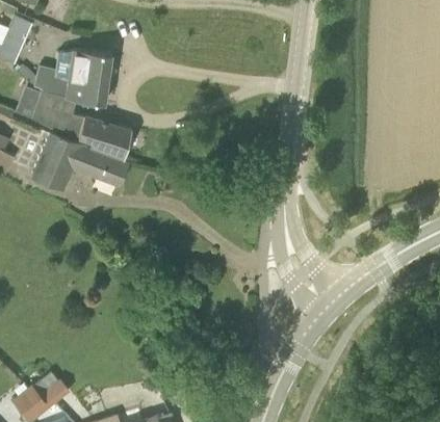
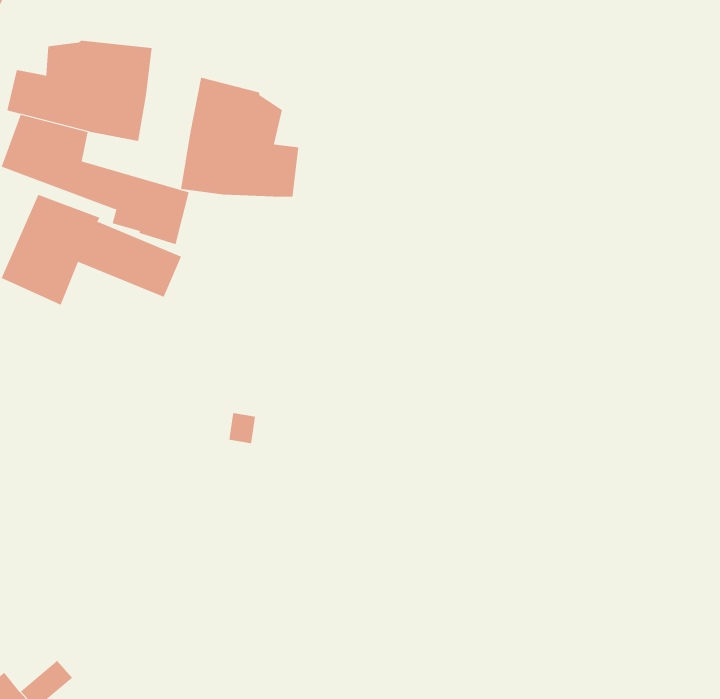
building: none -> [180,77,299,197]

